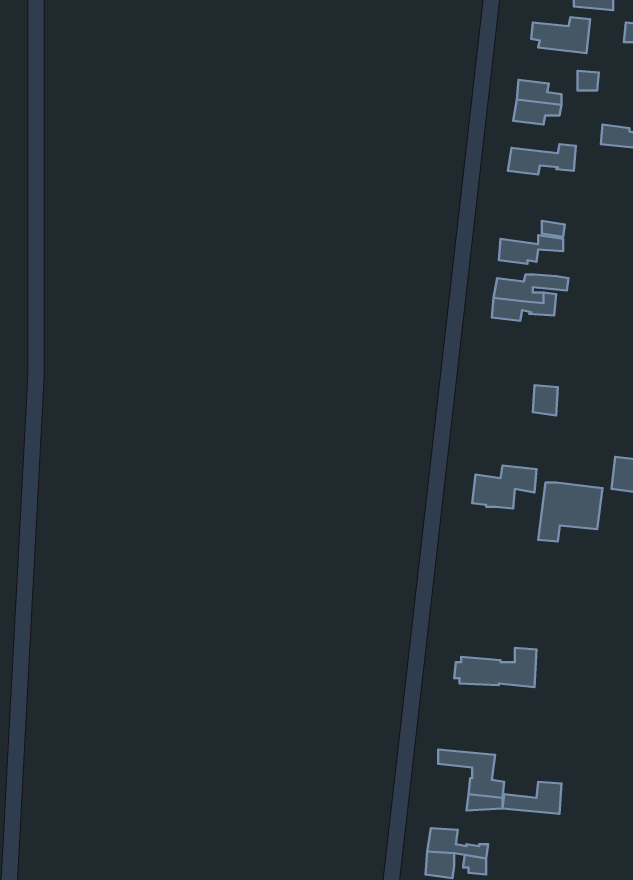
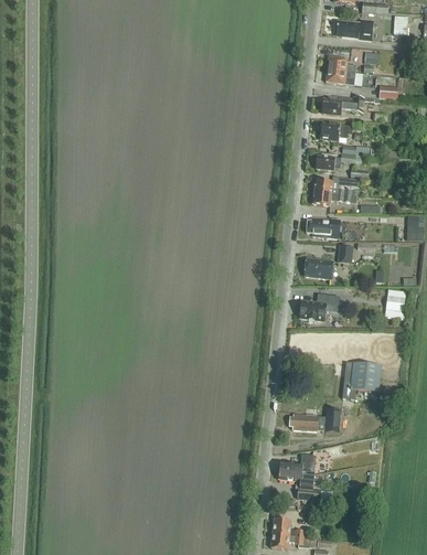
building: none -> [320,120,363,140]
building: none -> [307,215,341,237]
building: none -> [305,256,333,277]
building: [538,483,603,542] -> [342,361,382,397]
building: [502,782,561,814] -> [279,452,316,472]

